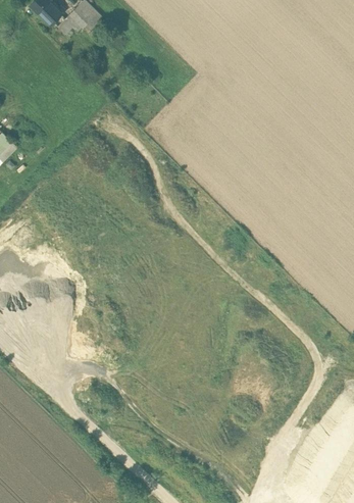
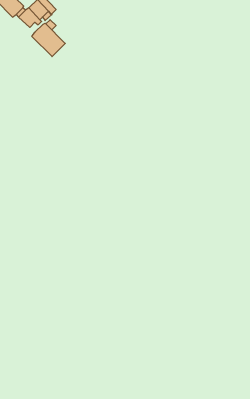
building: none -> [32,23,65,57]

